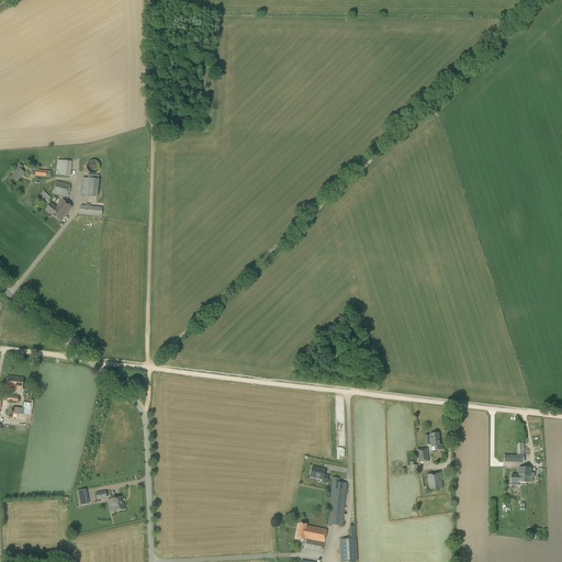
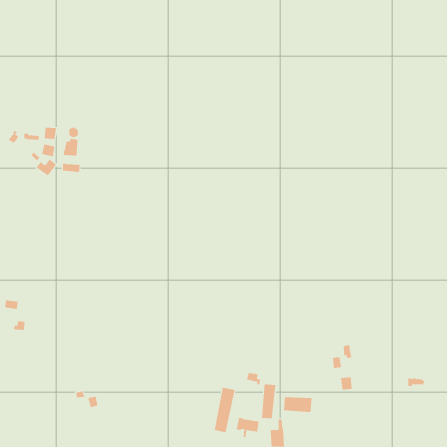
building: none -> [214,387,235,433]
building: none -> [284,396,312,413]

